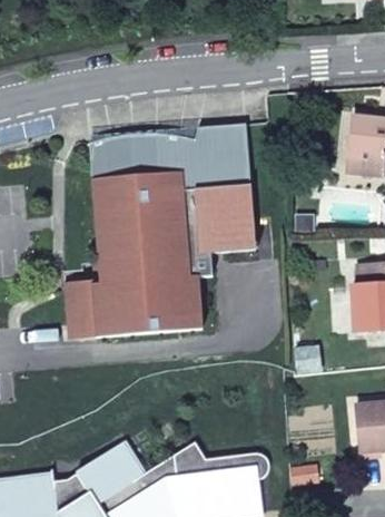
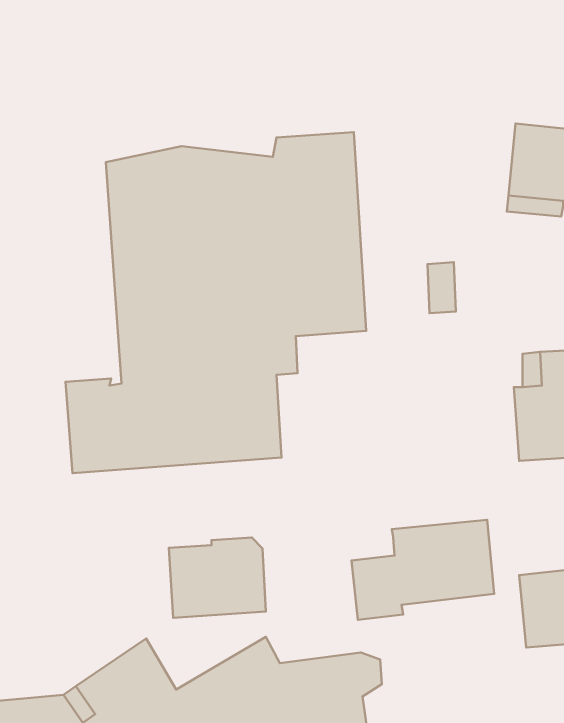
building: none -> [351,520,494,620]
building: none -> [169,538,266,618]

